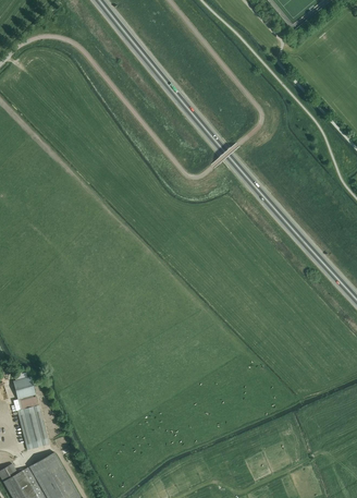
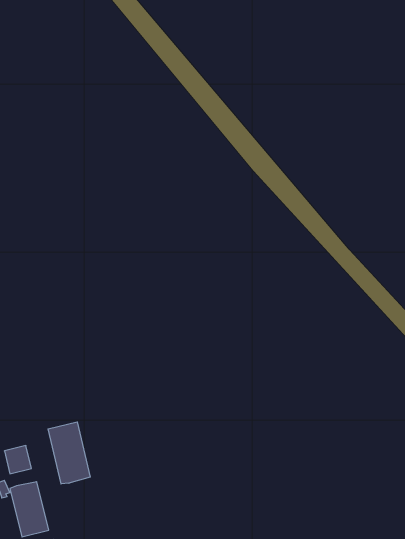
building: none -> [48,422,90,484]

